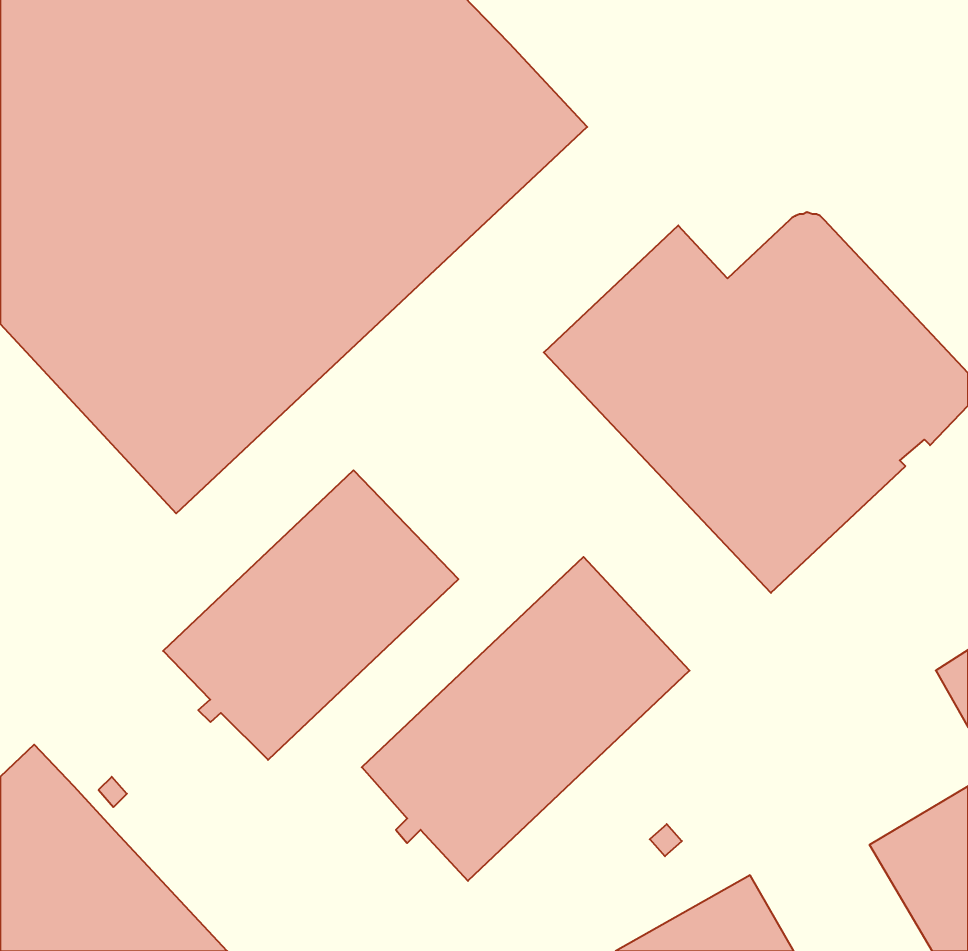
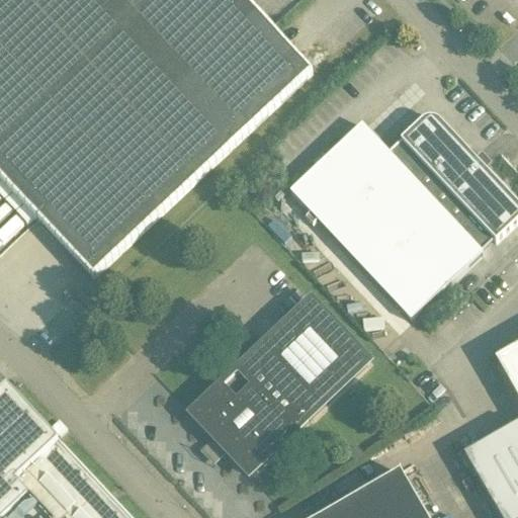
building: [163,470,458,760] -> none

